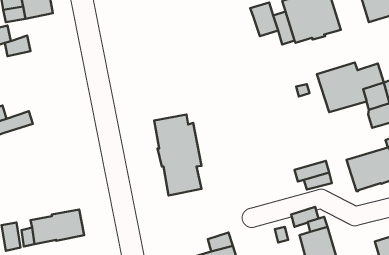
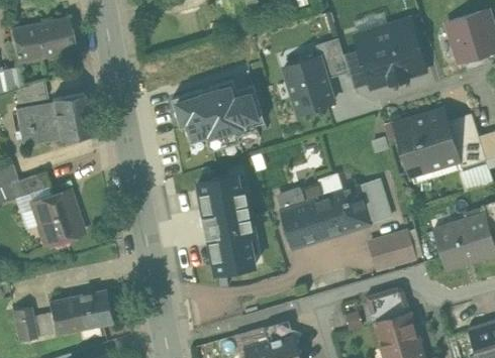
building: none -> [284,56,333,113]
building: none -> [172,80,265,151]
building: none -> [14,94,90,146]
building: none -> [281,181,390,249]
building: none -> [30,192,81,244]

